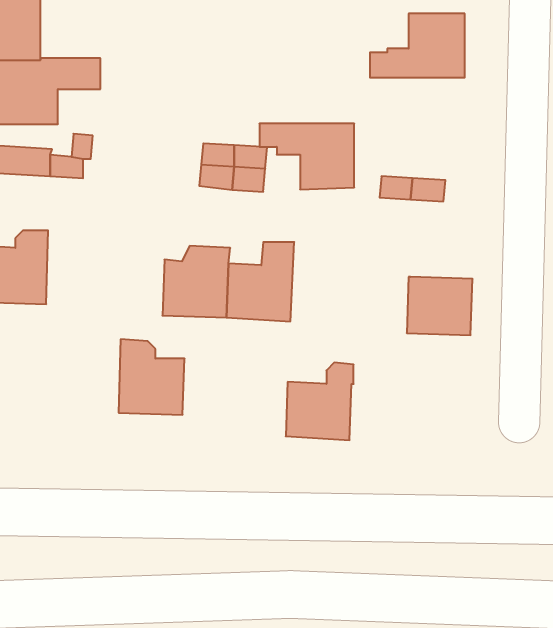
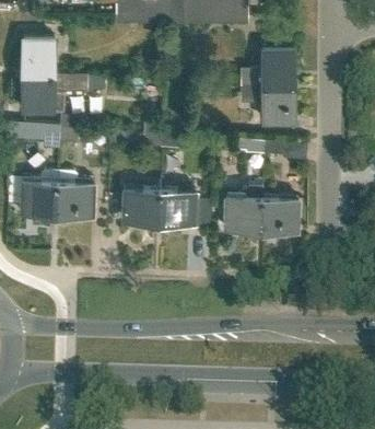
building: [259,124,354,189] -> [241,85,294,123]
building: [119,339,185,415] -> [58,172,95,214]
building: [286,363,354,440] -> [225,186,263,230]

